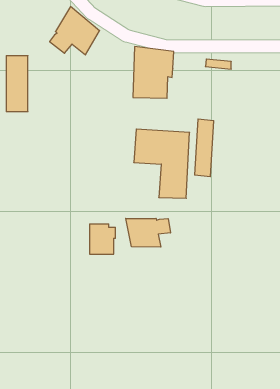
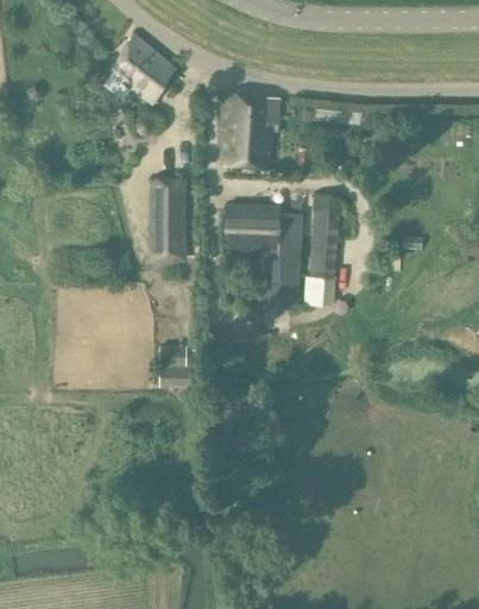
building: [6,56,28,112] -> [153,178,184,258]
building: [126,218,170,247] -> none

